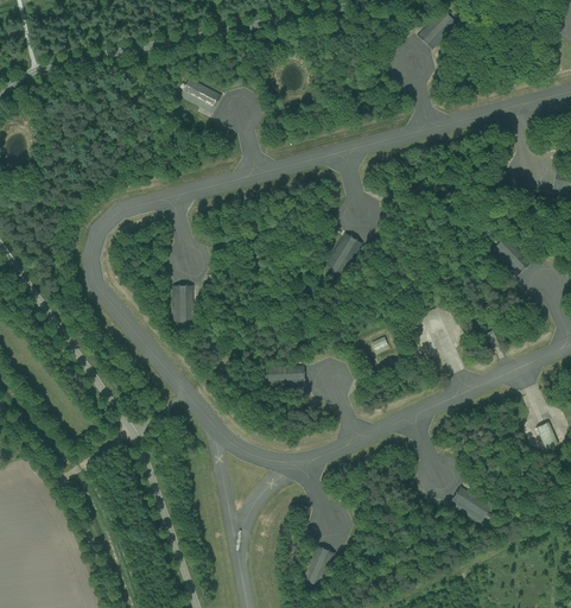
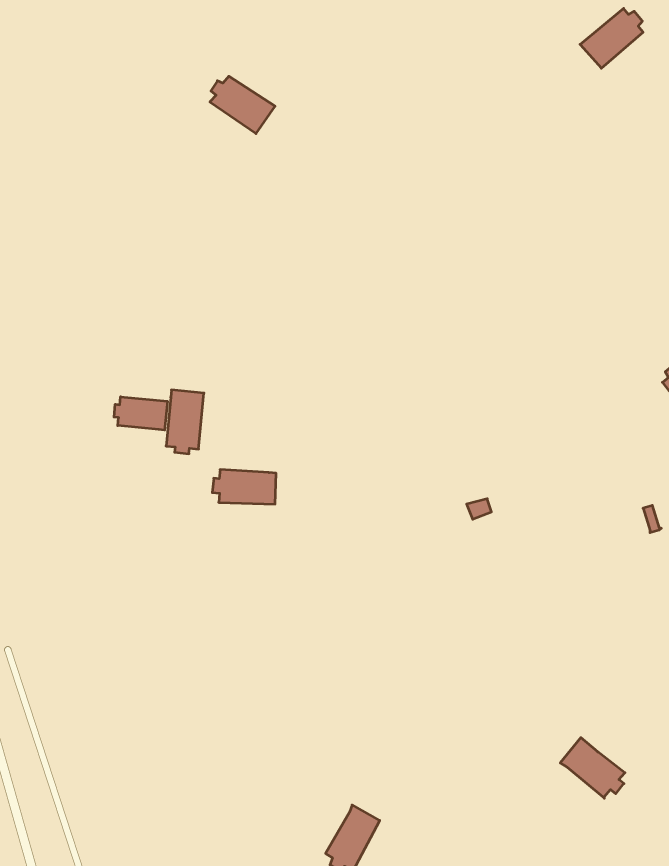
building: [324,232,361,274] -> none
building: none -> [114,397,167,430]
building: [262,365,304,387] -> [212,470,276,504]

